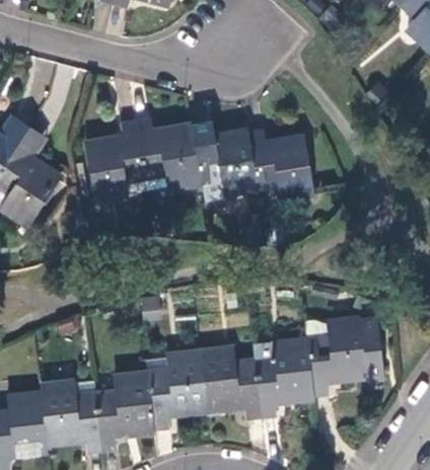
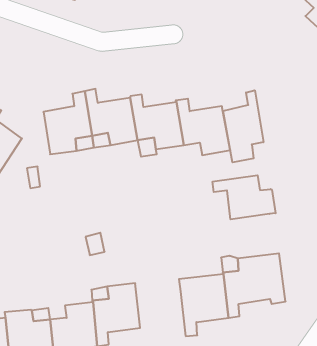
building: none -> [223,90,263,162]
building: none -> [213,175,276,219]
building: [199,348,261,419] -> none

